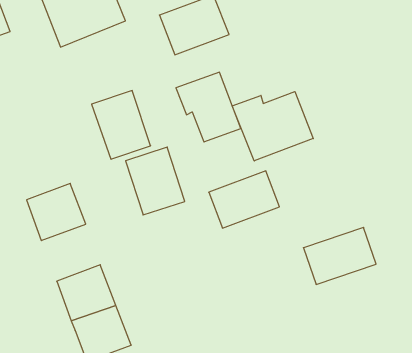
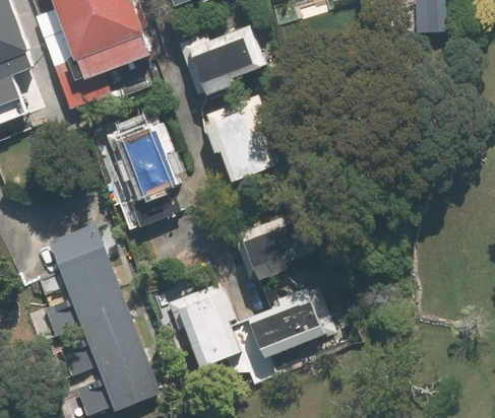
building: [232,92,313,161] -> none
building: [126,147,185,215] -> [178,294,240,365]
building: none -> [64,267,126,327]
building: [303,227,376,284] -> [249,296,325,356]

